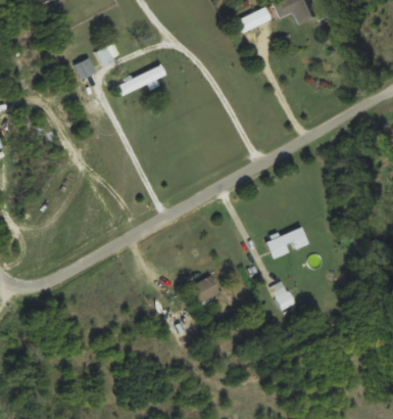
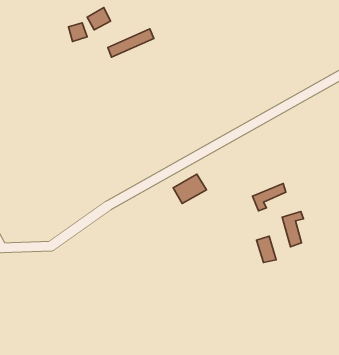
building: none -> [282,212,303,247]
building: [186,276,220,307] -> [173,174,206,203]

